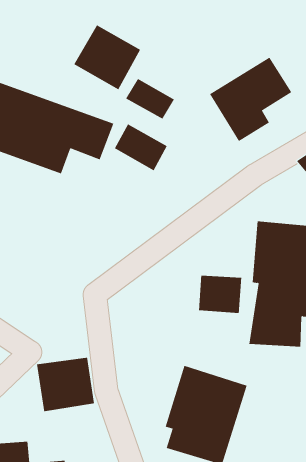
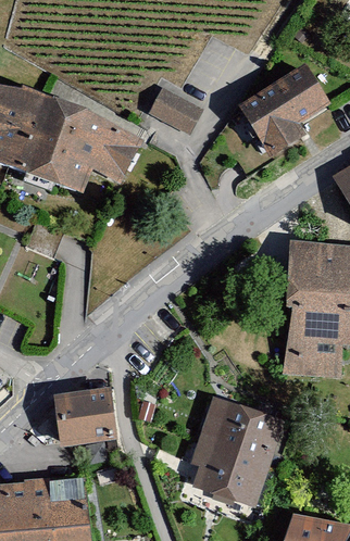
building: [74,24,141,90] -> none
building: [114,123,167,171] -> none
building: [198,275,242,314] -> none

